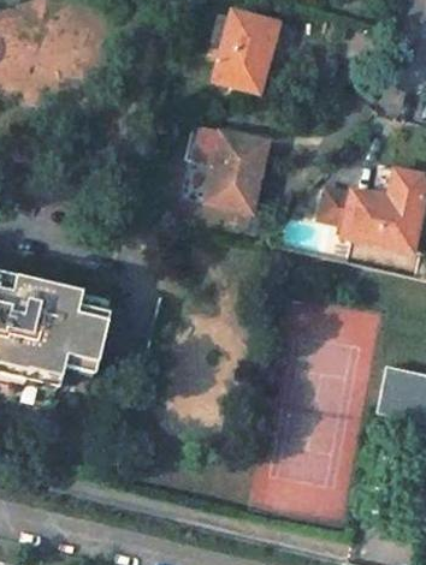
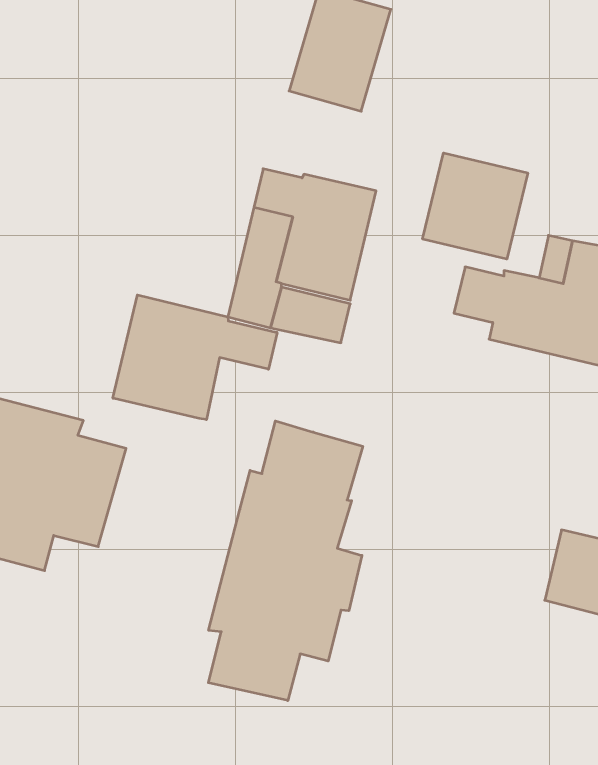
building: none -> [423,153,528,259]
building: none -> [113,295,277,420]
building: none -> [208,421,363,701]

